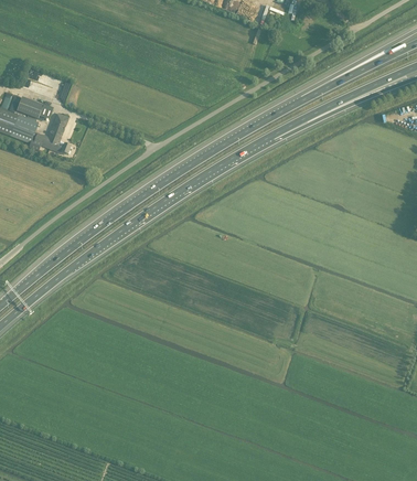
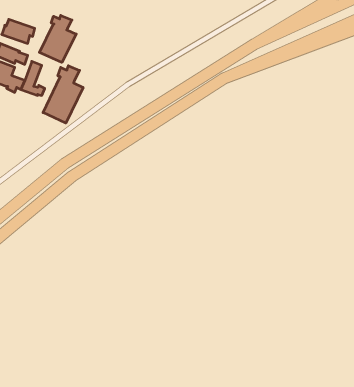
building: none -> [39,15,76,62]
building: none -> [43,66,83,123]

